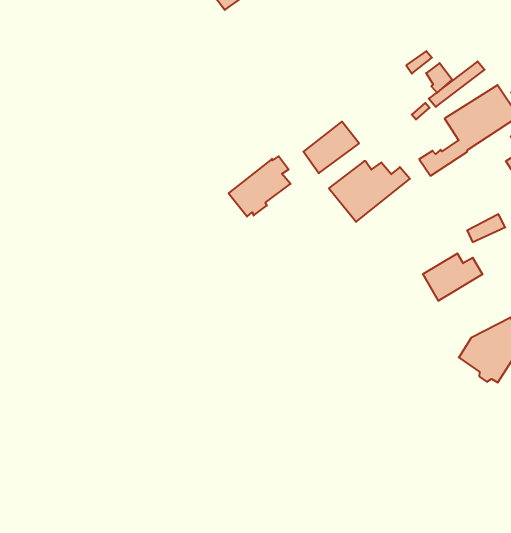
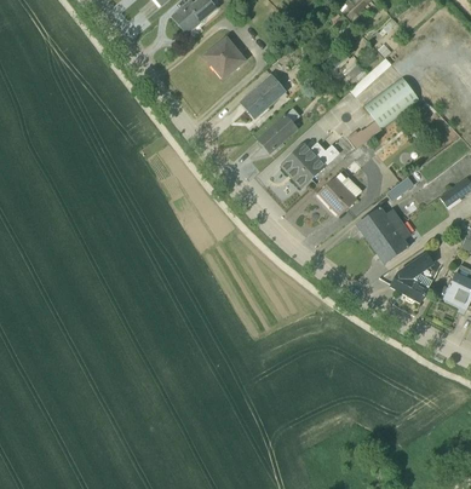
building: none -> [203,34,247,77]
building: [229,156,291,217] -> [240,69,287,117]
building: none -> [317,167,362,214]
building: none -> [369,220,412,263]

